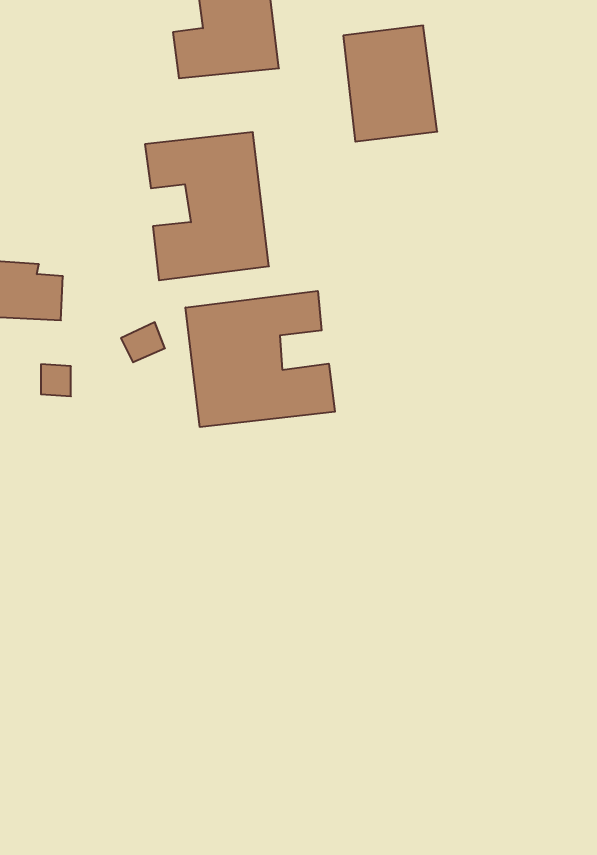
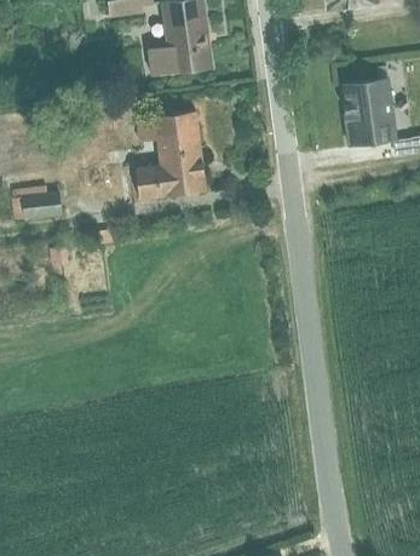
building: [343,26,437,142] -> [340,78,397,148]
building: [186,291,335,427] -> none

